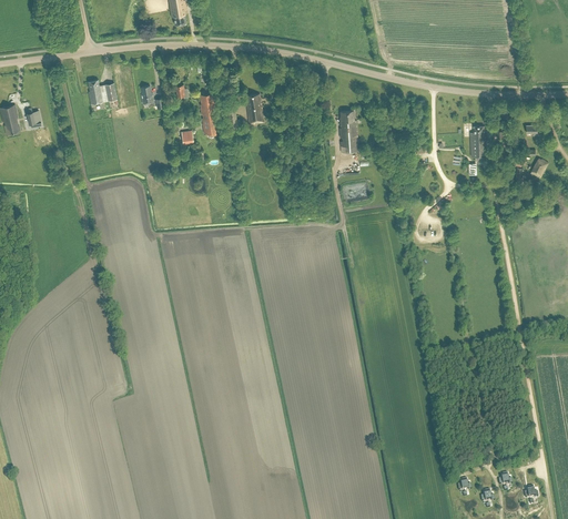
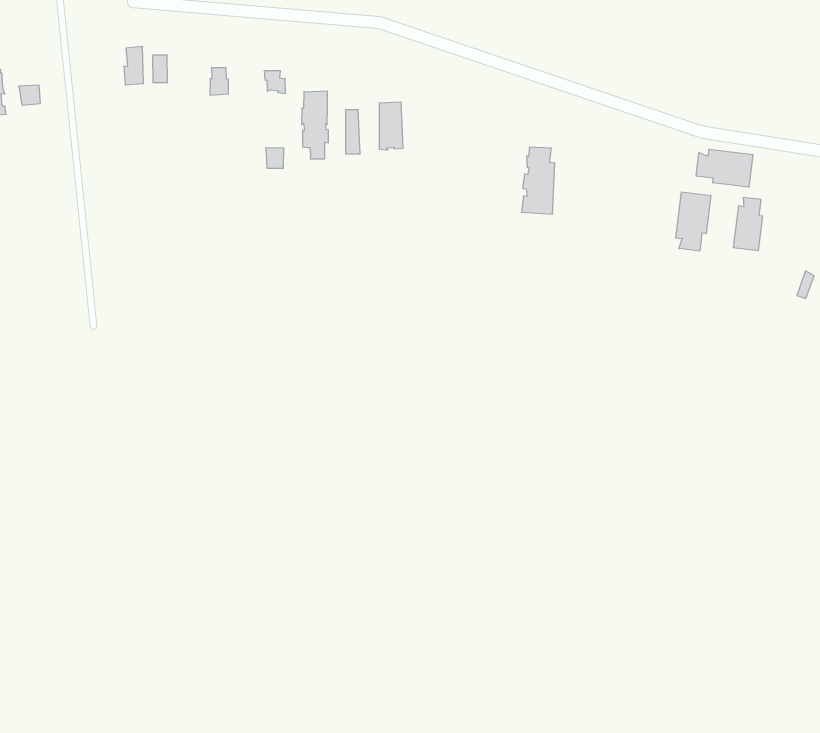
building: none -> [696,149,753,187]
building: none -> [676,192,711,251]

